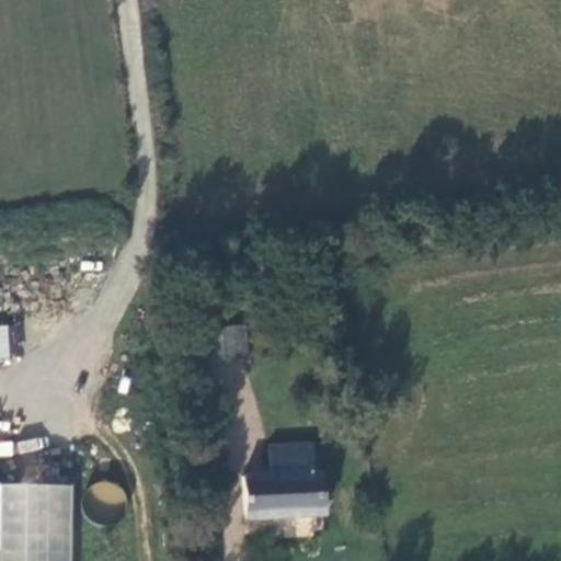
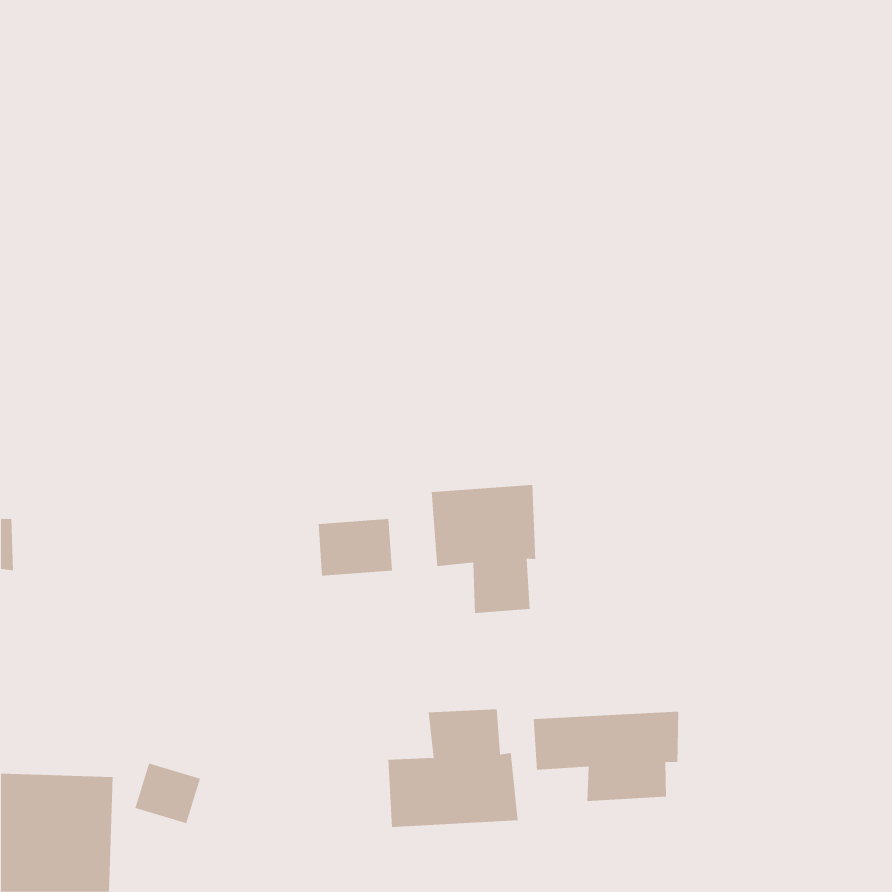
building: none -> [431,484,536,614]
building: none -> [533,711,679,802]

